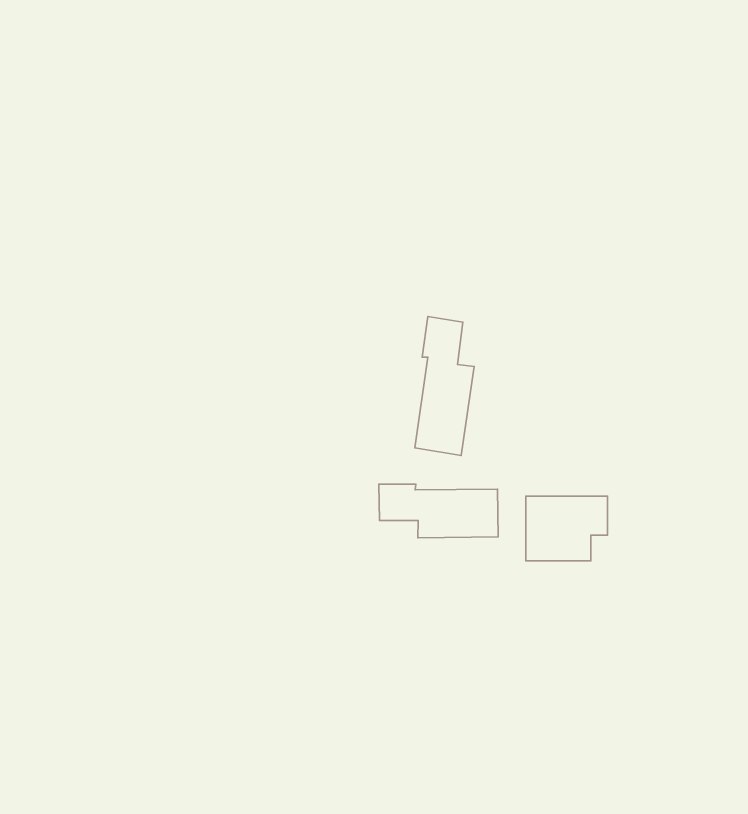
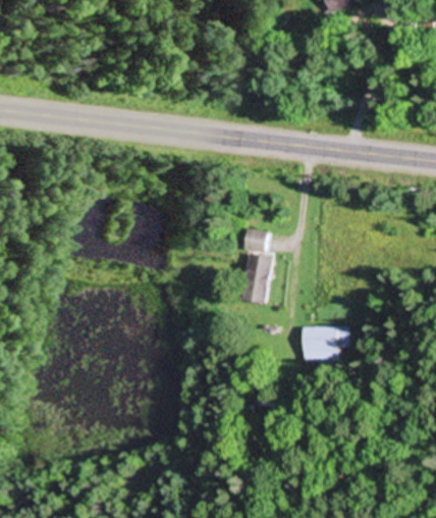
building: [379,484,498,538] -> none

